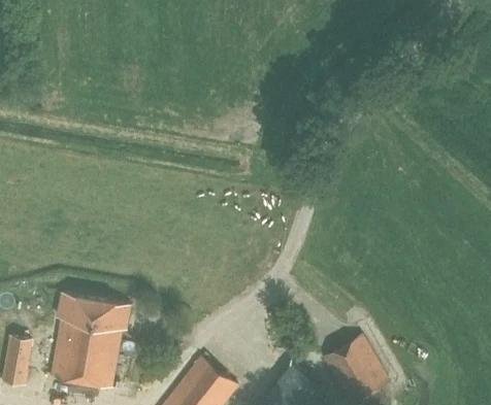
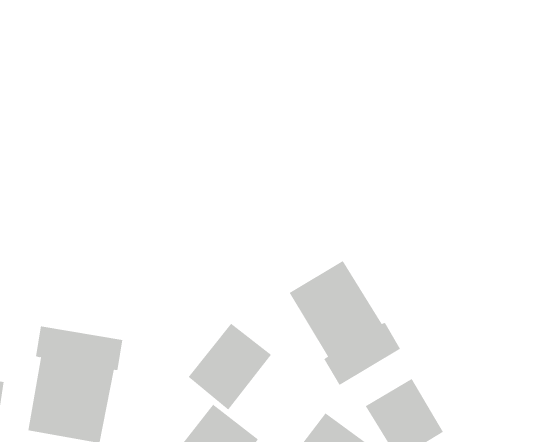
building: none -> [289,260,401,386]
building: none -> [188,323,272,410]

